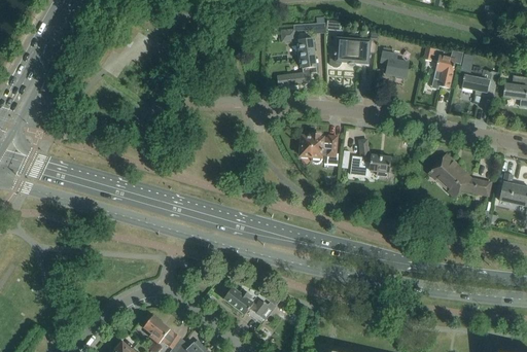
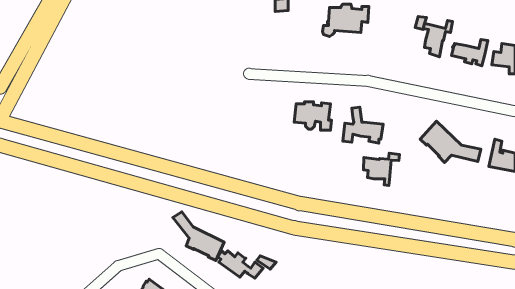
building: [277,38,317,86] -> none
building: [380,47,409,77] -> none
building: none -> [364,153,400,185]
building: none -> [173,212,224,260]

